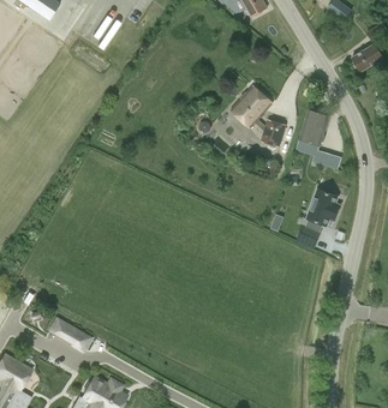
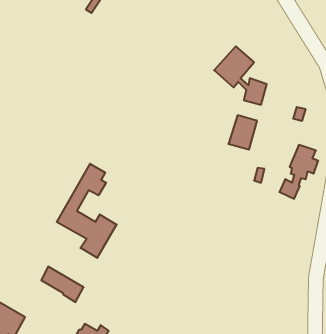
building: [298,109,328,145] -> [228,115,257,150]
building: none -> [57,164,117,258]

